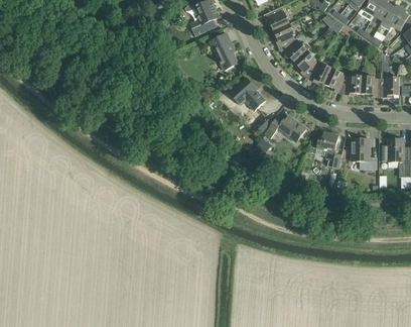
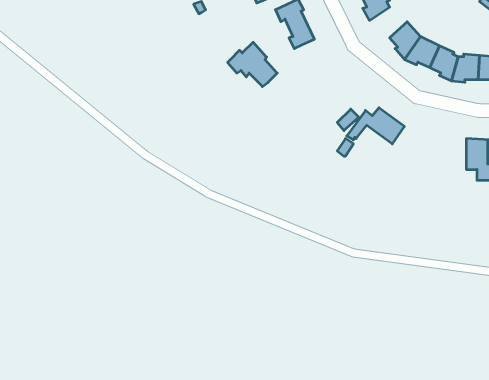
building: [280,37,310,62] -> none
building: [229,77,266,110] -> [228,42,277,87]
building: [316,131,342,168] -> none

